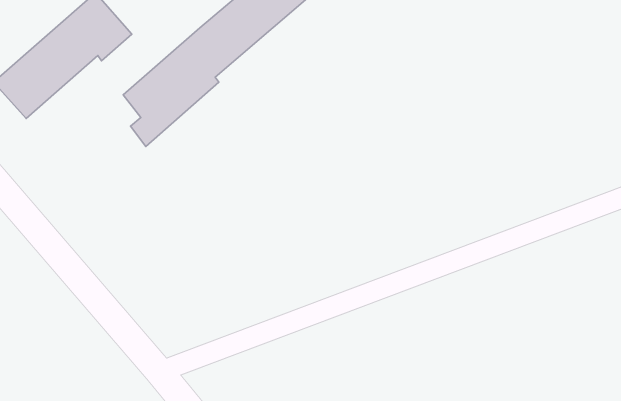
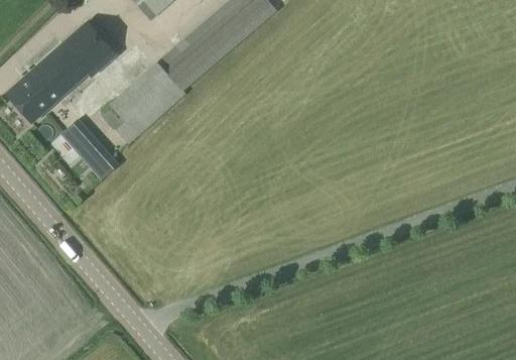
building: none -> [60,118,119,179]

